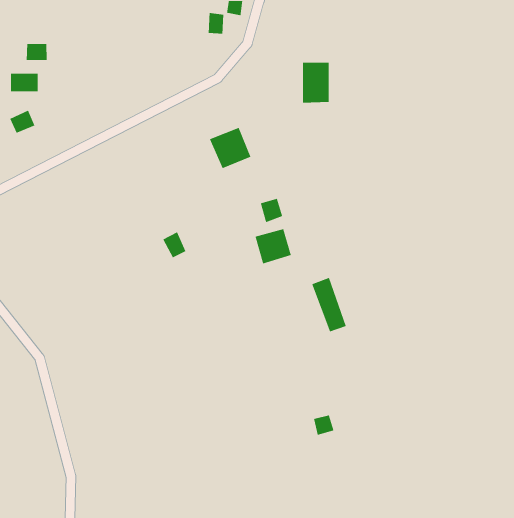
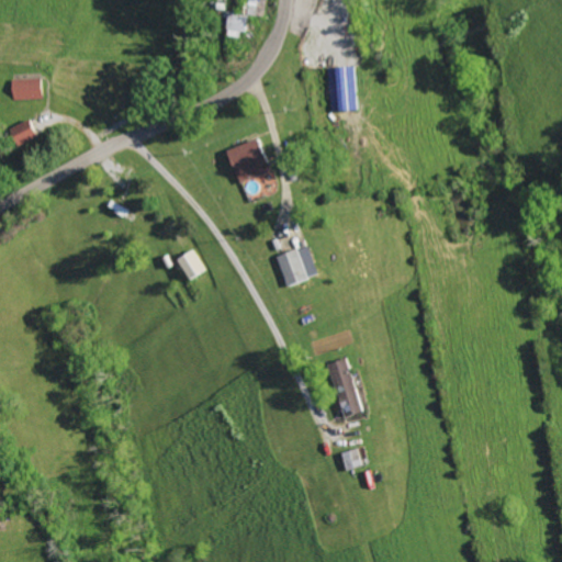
building: [26,43,48,61] -> none
building: [260,198,283,223] -> none
building: [311,277,347,333] -> [326,358,364,418]

